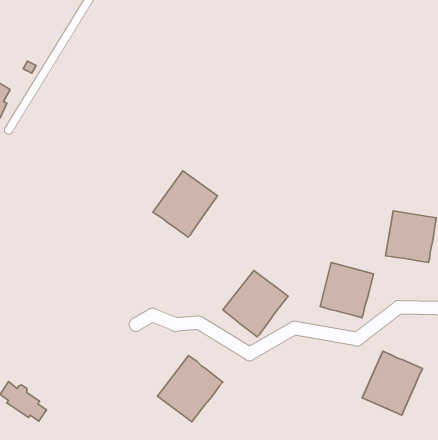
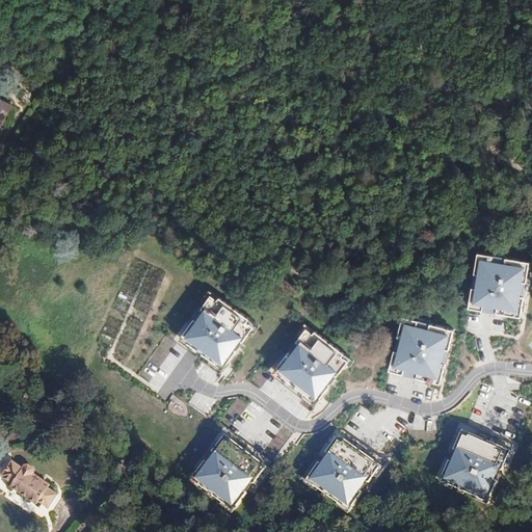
building: [153,171,217,237] -> [176,293,254,373]
building: none -> [303,429,382,510]

